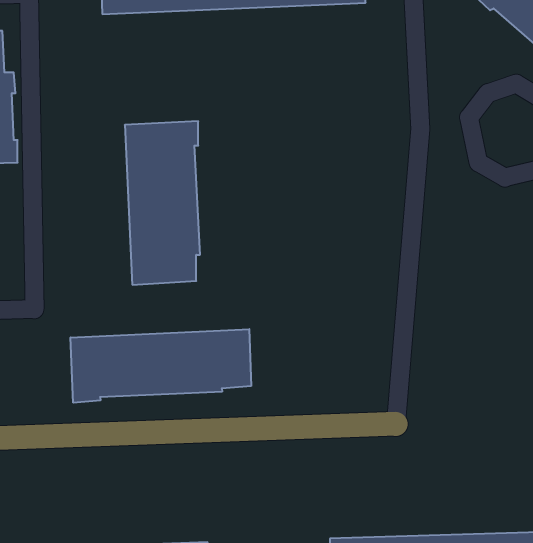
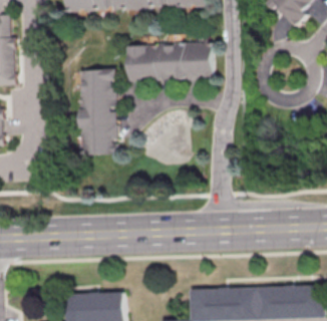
building: none -> [127,42,213,78]
building: [71,329,251,403] -> none

